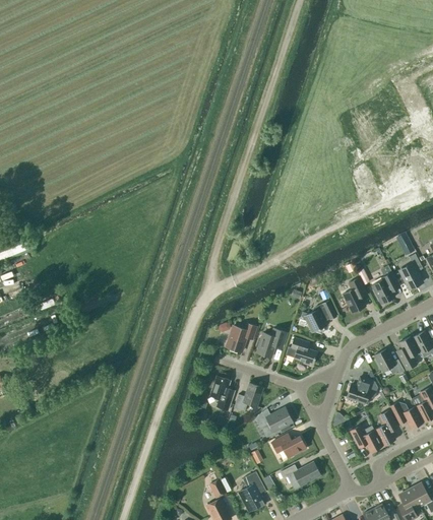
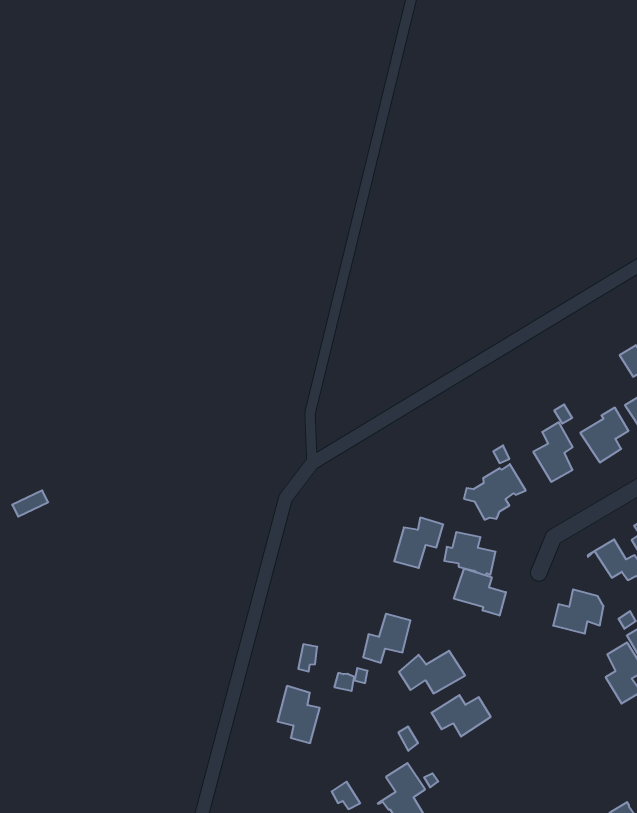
building: [226,324,256,351] -> none
building: none -> [454,568,506,616]
building: [209,376,235,410] -> [277,686,320,743]
building: [350,426,382,453] -> none
building: [280,462,320,489] -> none

